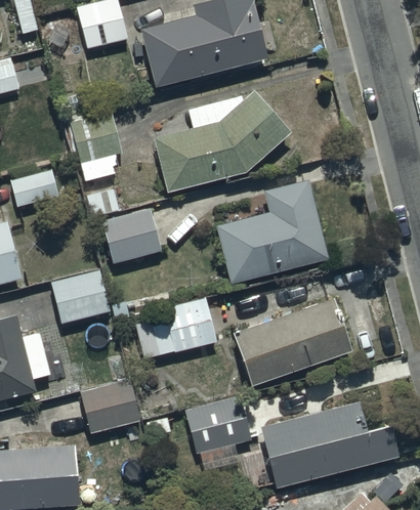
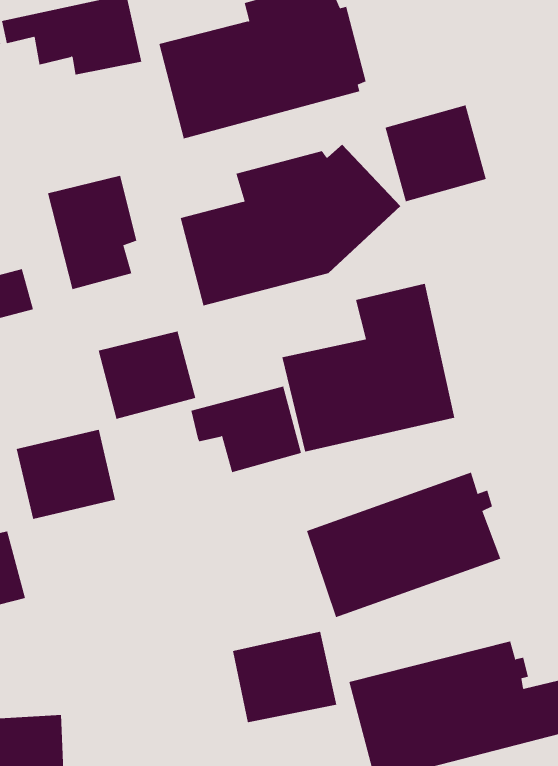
building: none -> [385,105,486,202]
building: [149,298,218,352] -> [191,386,302,473]
building: [80,378,141,433] -> none

